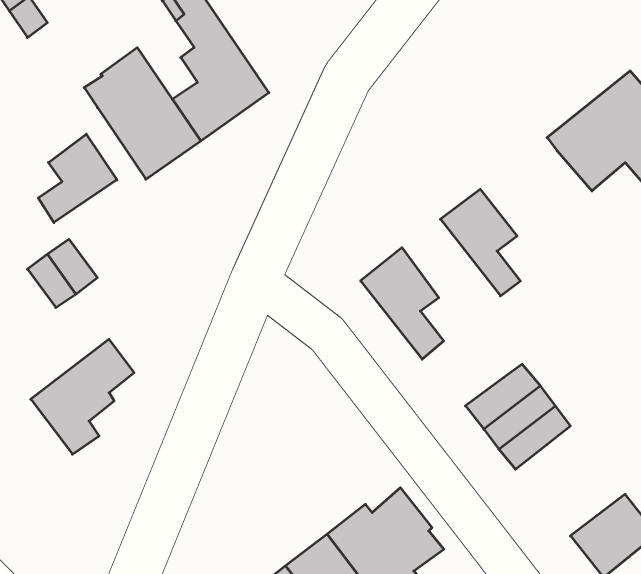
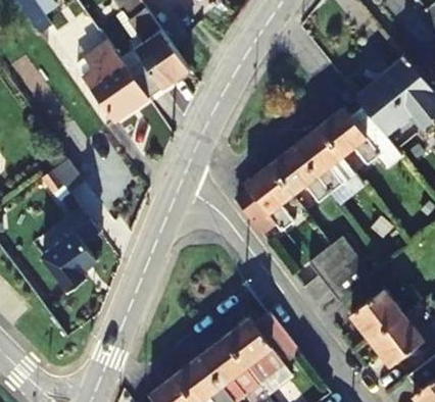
building: [38,134,117,223] -> none
building: none -> [318,106,402,169]
building: none -> [270,148,330,205]
building: none -> [353,291,406,342]

